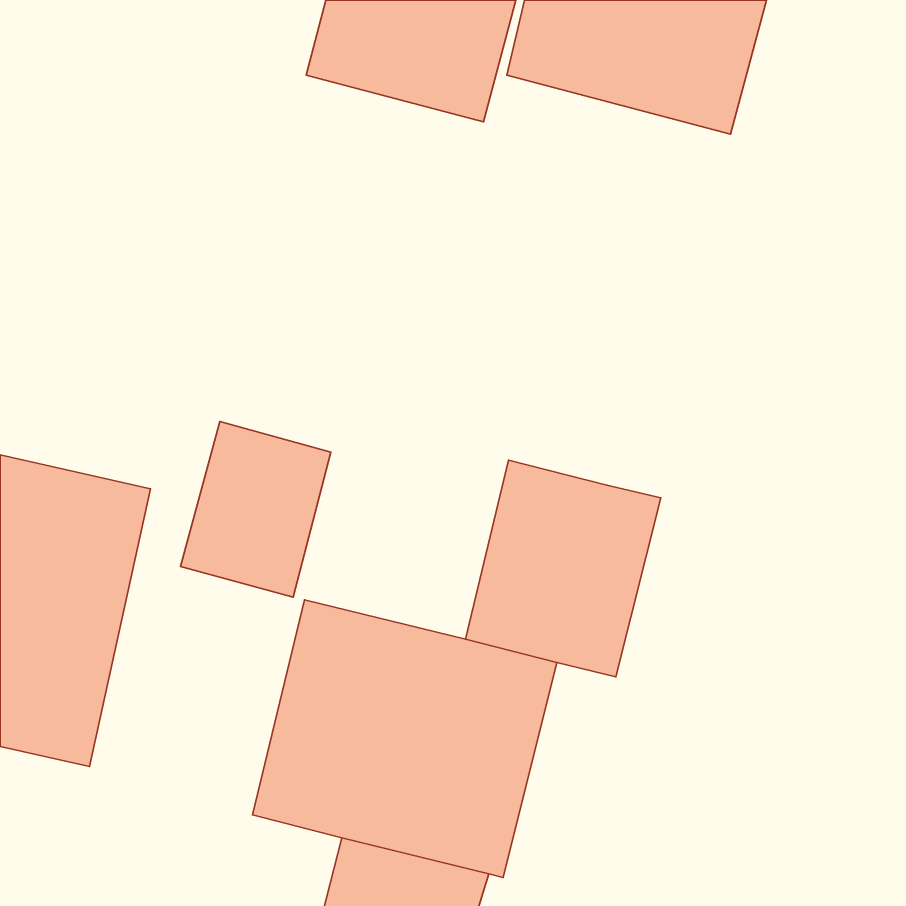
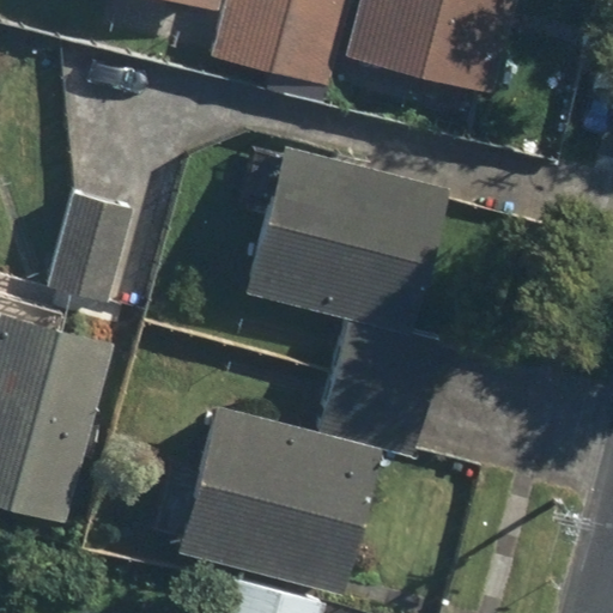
building: none -> [237,145,447,330]
building: [180,422,331,597] -> [45,189,146,306]

